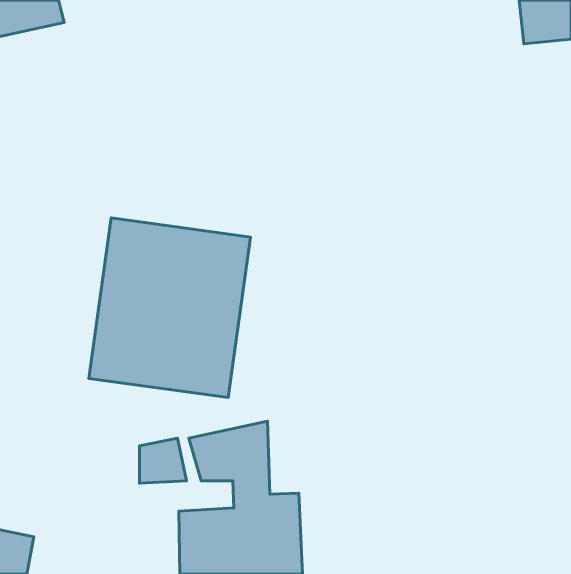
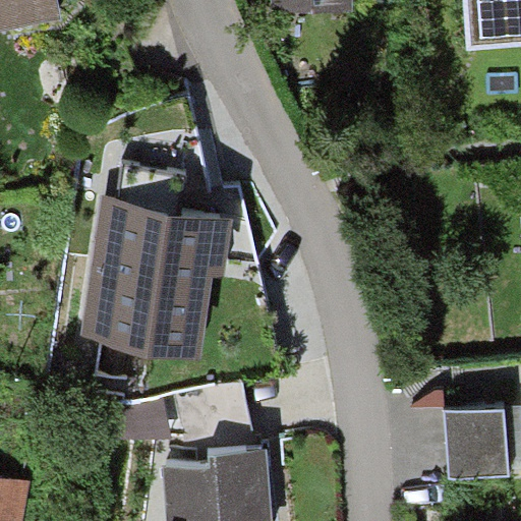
building: none -> [444,409,506,478]

